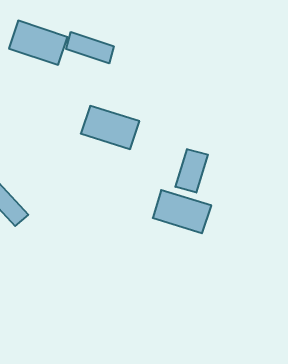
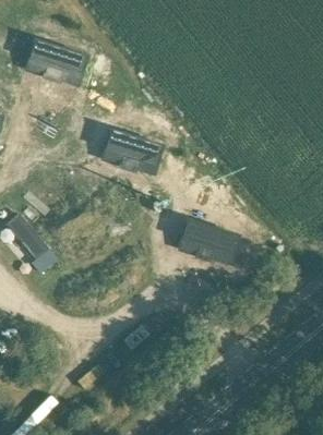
building: [66,32,114,63] -> none
building: [175,149,208,193] -> none

